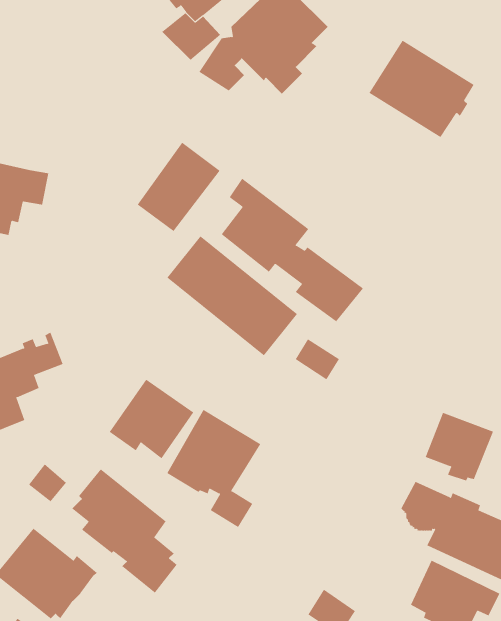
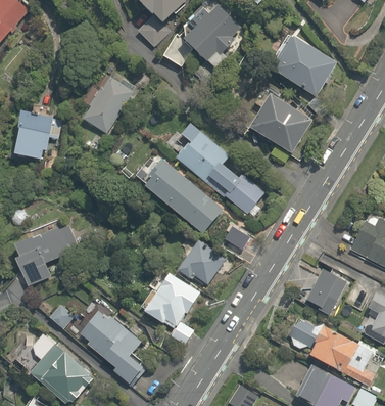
building: none -> [247,92,314,153]
building: [137,142,220,232] -> [81,75,134,132]
building: [109,379,194,459] -> [174,234,228,285]

